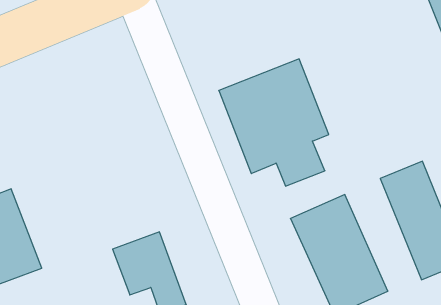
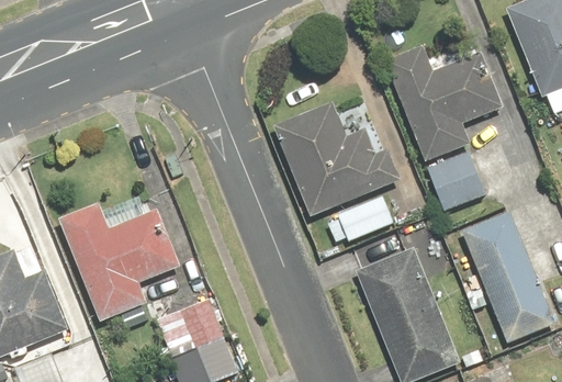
building: none -> [384,41,506,158]
building: none -> [424,149,485,210]
building: none -> [57,199,182,323]

